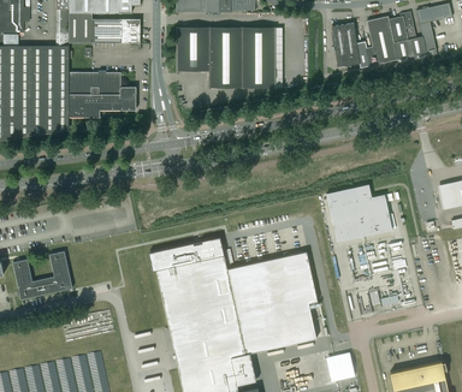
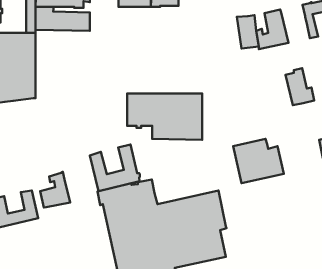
building: [389,11,426,59] -> [286,68,314,105]
building: [177,28,274,88] -> [127,94,202,140]
building: [70,72,137,117] -> none
building: none -> [90,145,140,191]
building: none -> [40,172,70,207]

